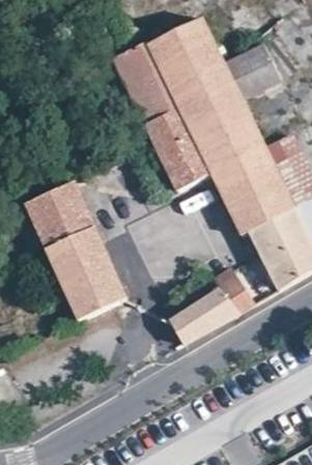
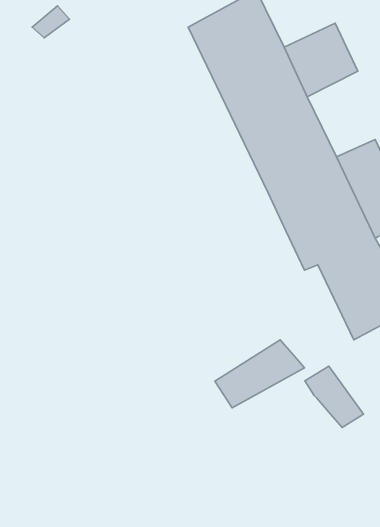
building: [113,43,210,193] -> none
building: [26,183,125,317] -> none
building: [210,264,256,312] -> [305,366,364,428]

